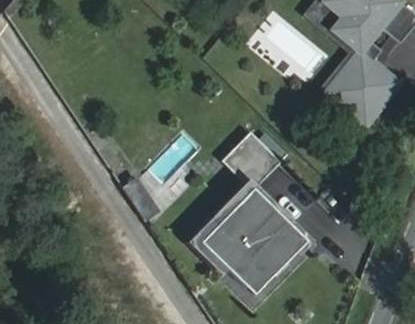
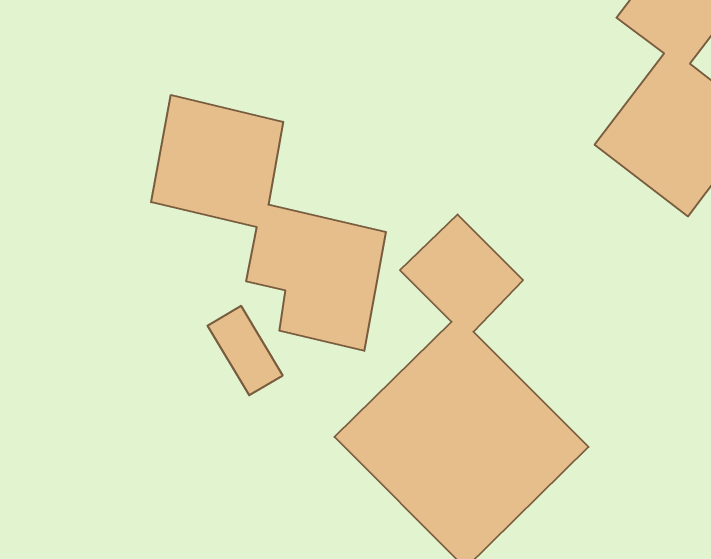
building: none -> [151,95,386,351]

